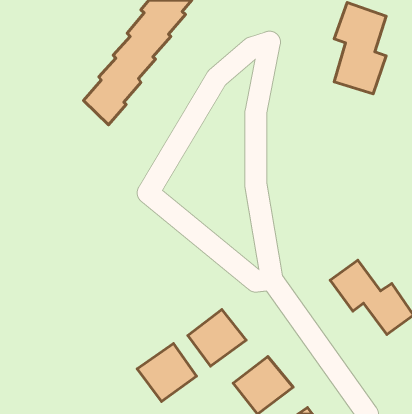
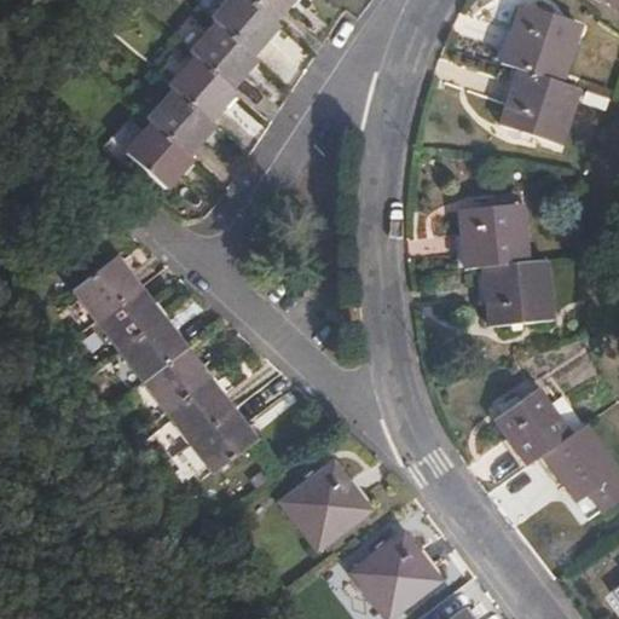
building: none -> [461,203,553,324]
building: none -> [73,254,255,472]
building: [137,344,196,402] -> none

